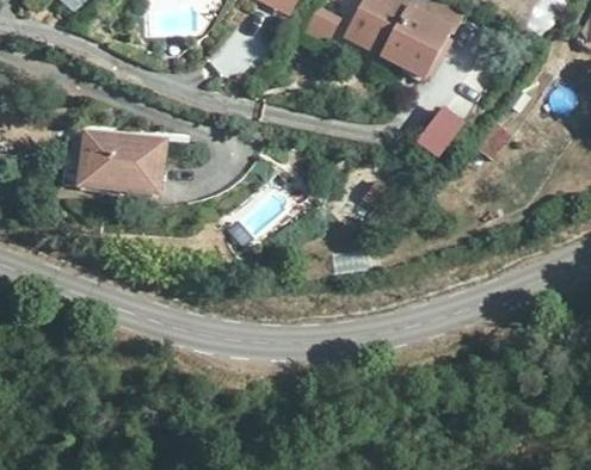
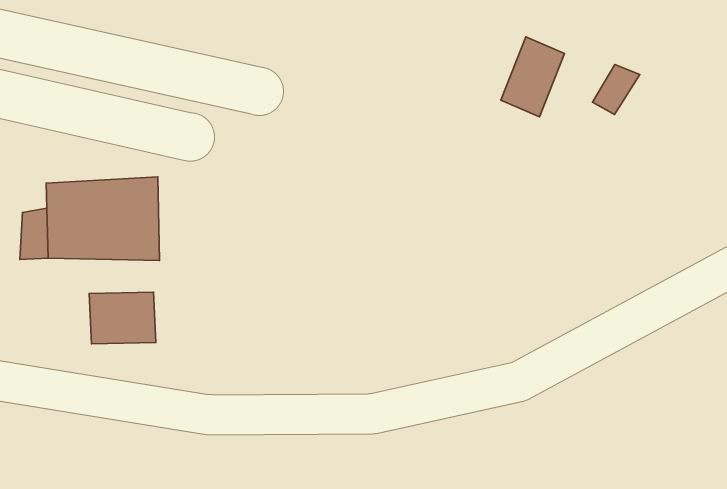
building: none -> [89,292,156,344]

